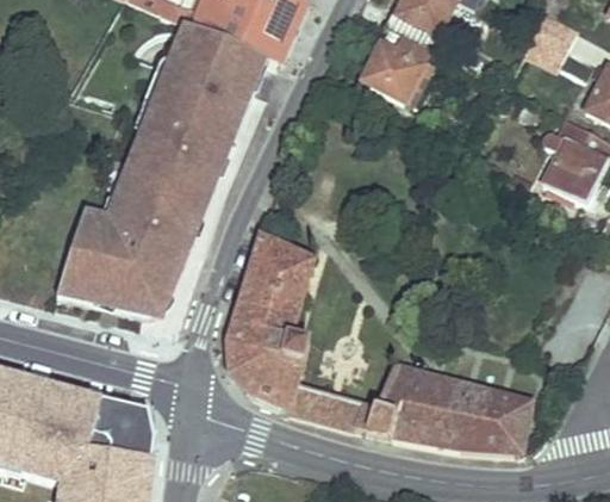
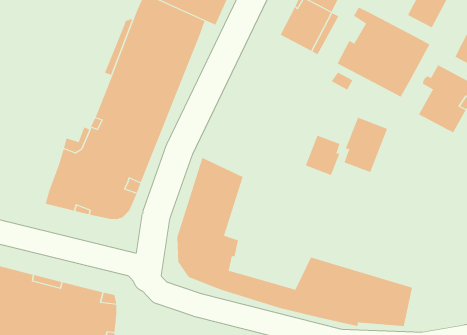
building: none -> [337,7,430,97]
building: none -> [344,117,388,173]
building: none -> [305,135,340,176]

